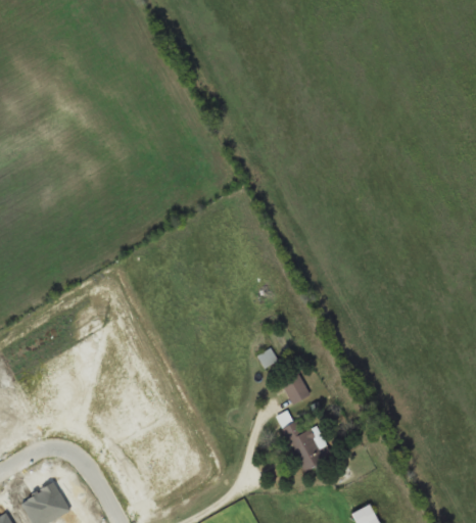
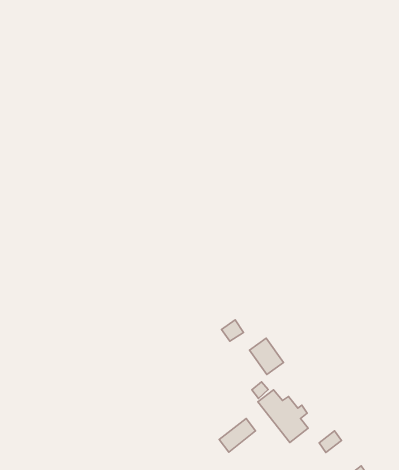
building: none -> [219,418,256,452]

